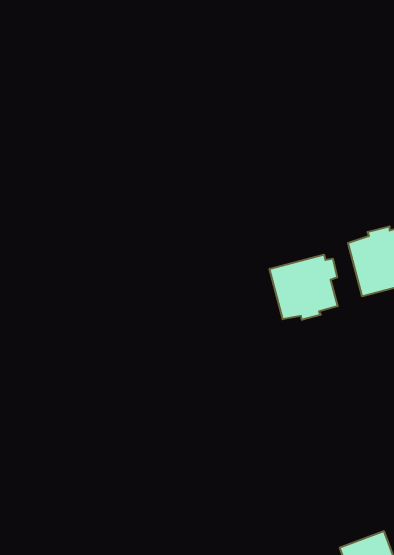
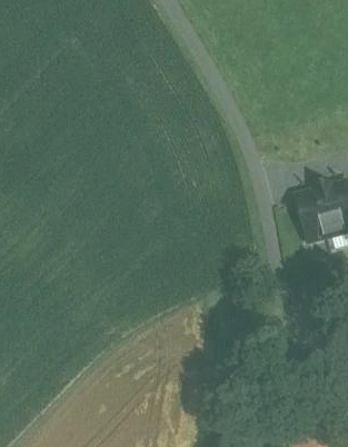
building: [270,255,338,320] -> none

